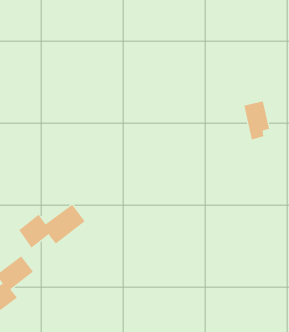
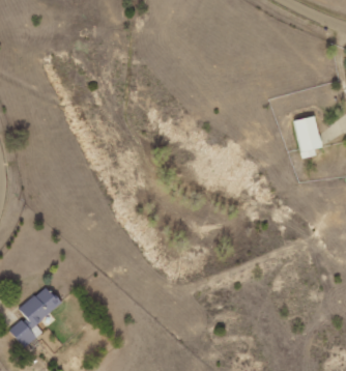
building: [18,204,86,248] -> none

